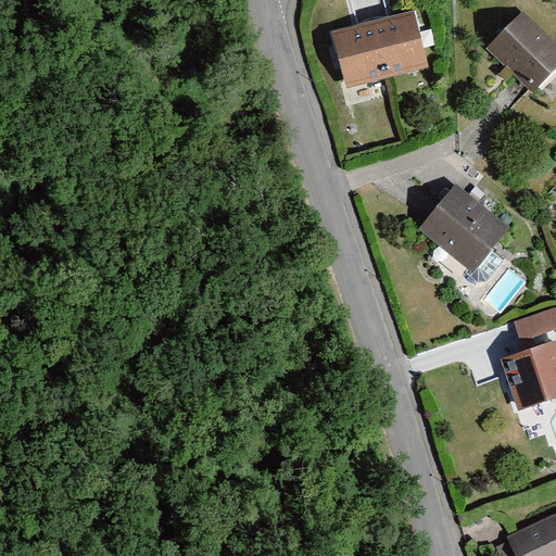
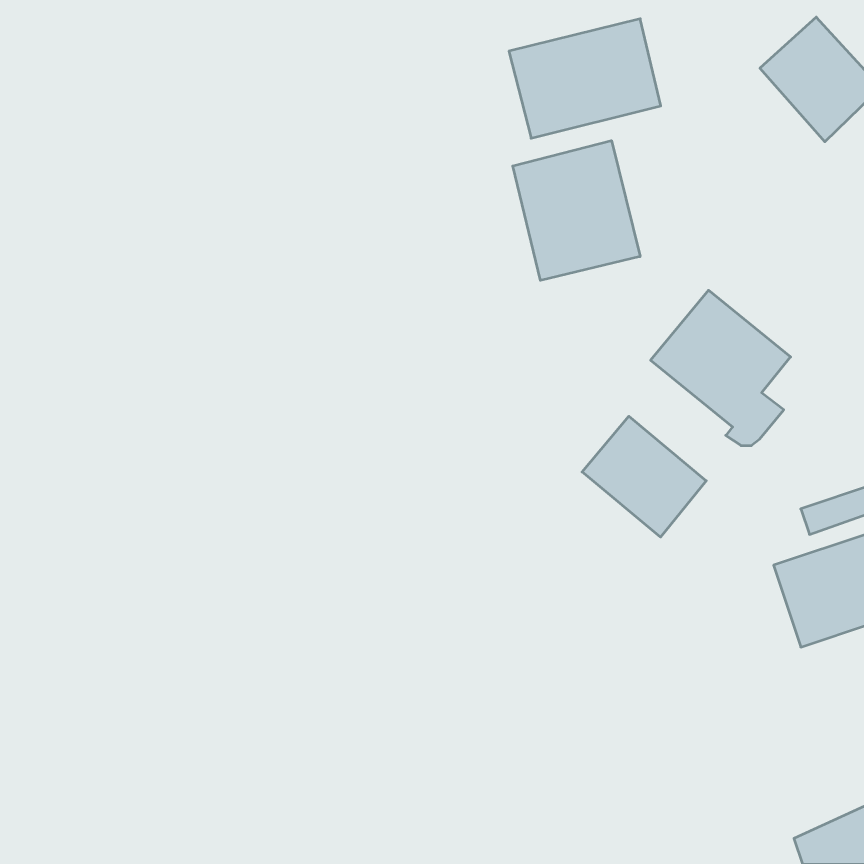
building: none -> [513,141,640,280]
building: none -> [582,416,706,537]

